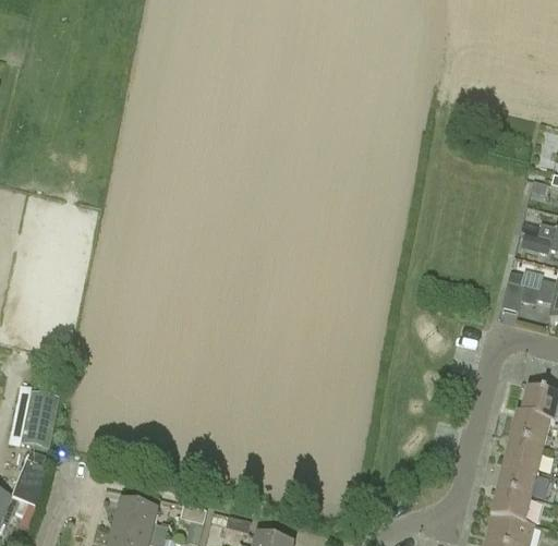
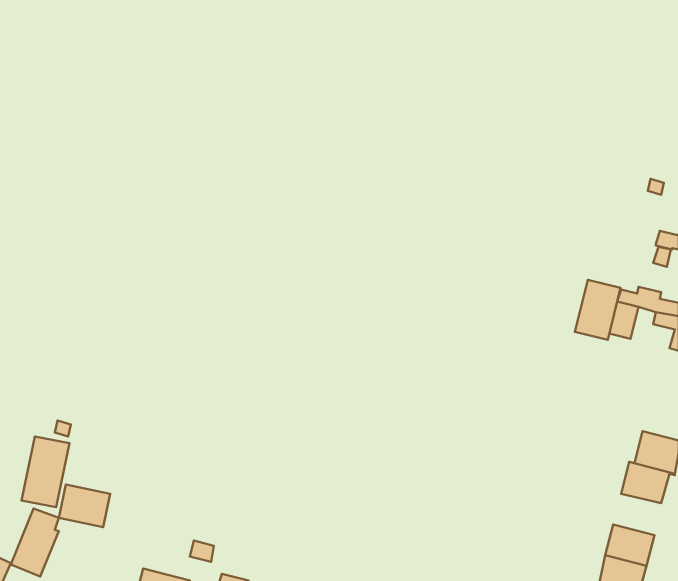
building: none -> [575,280,621,340]
building: none -> [59,485,110,527]
building: [502,439,542,473] -> none

